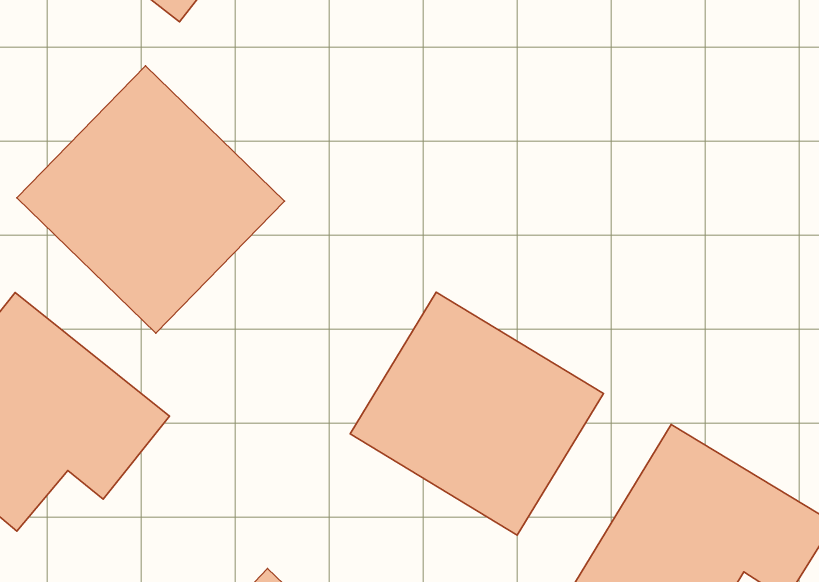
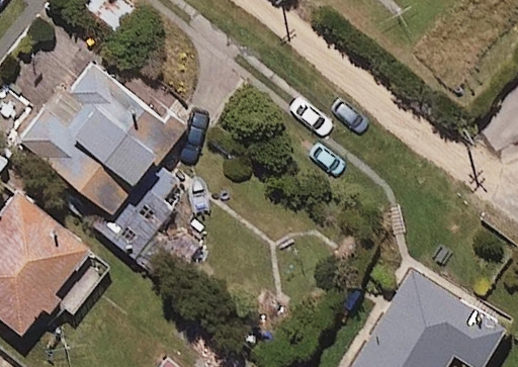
building: [350,292,603,535] -> none

